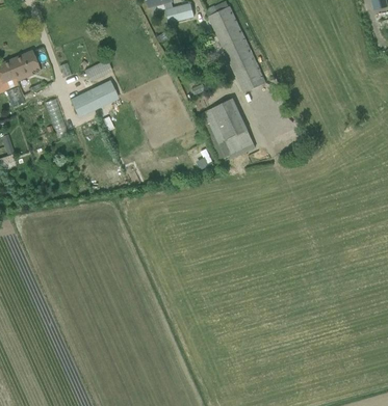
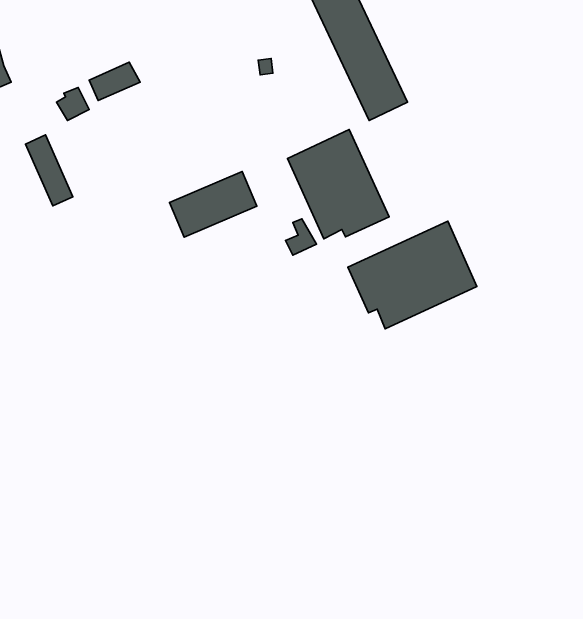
building: [74,82,124,119] -> [170,172,257,237]
building: none -> [348,221,477,329]

